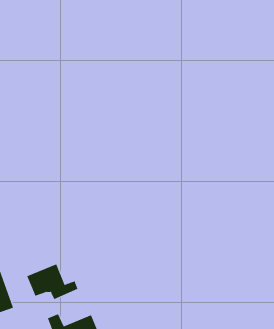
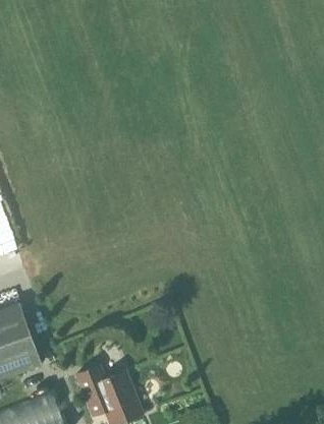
building: [27,264,78,300] -> none

